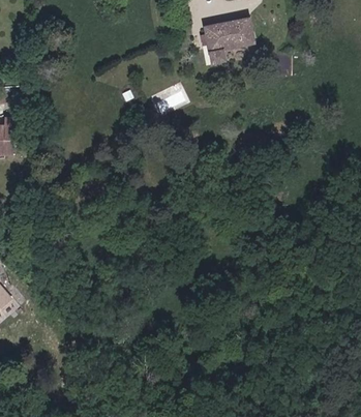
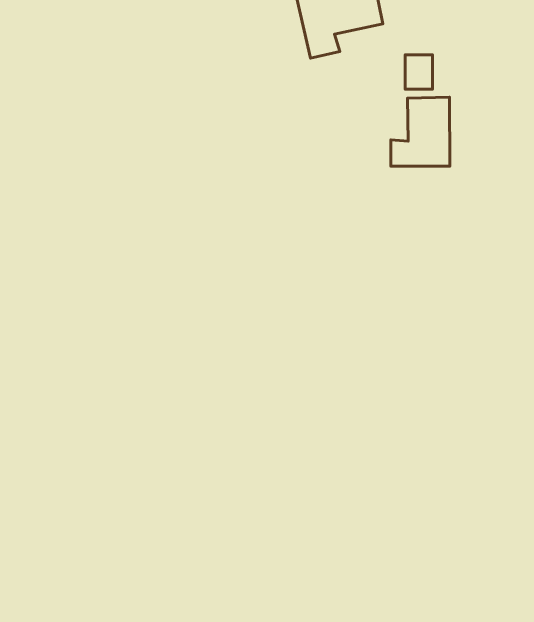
building: none -> [391,97,450,166]

